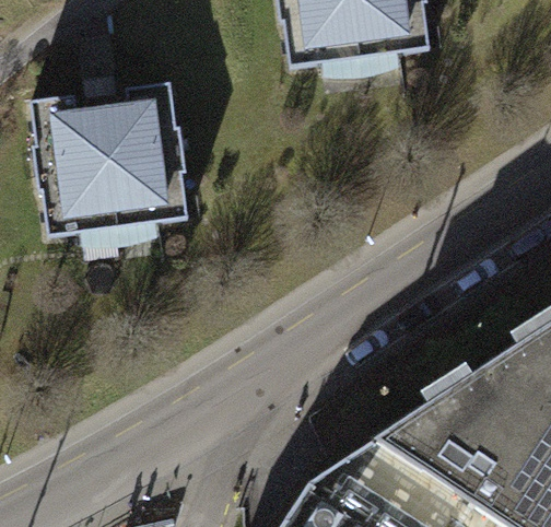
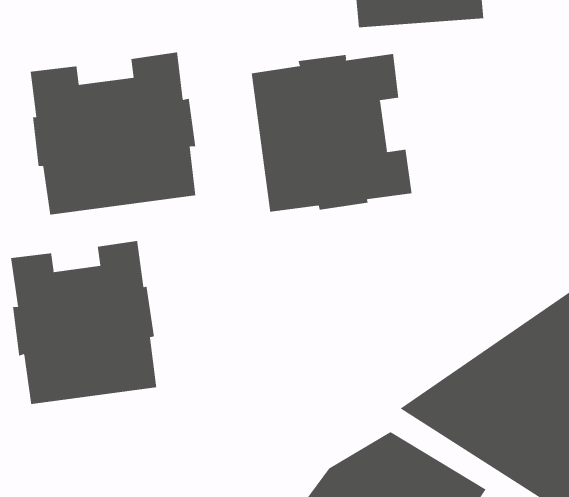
building: none -> [251,53,412,212]
building: none -> [11,240,157,405]

